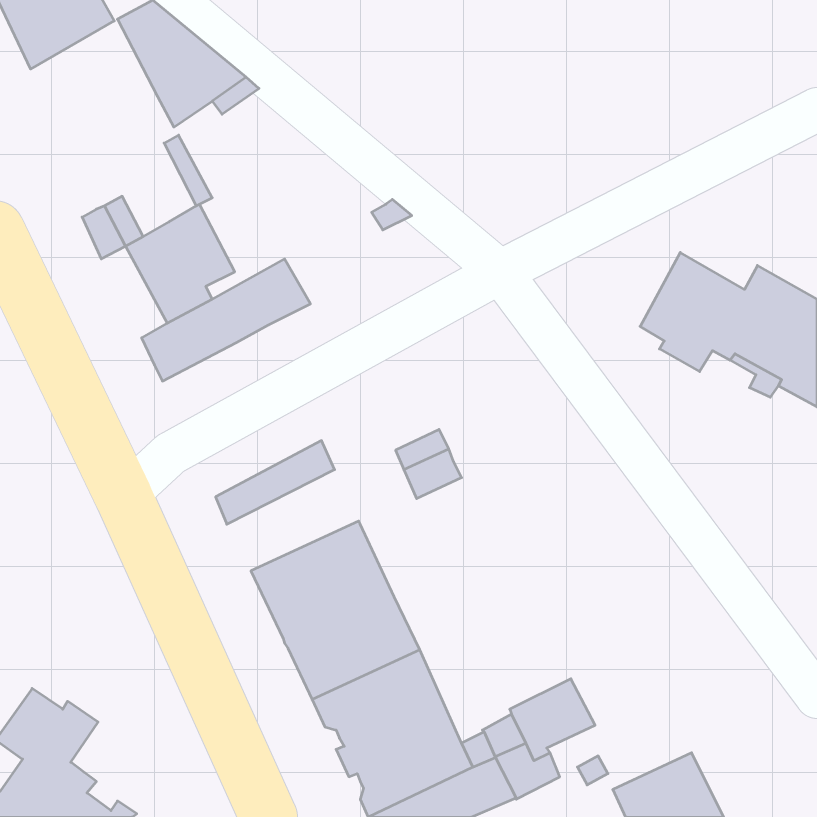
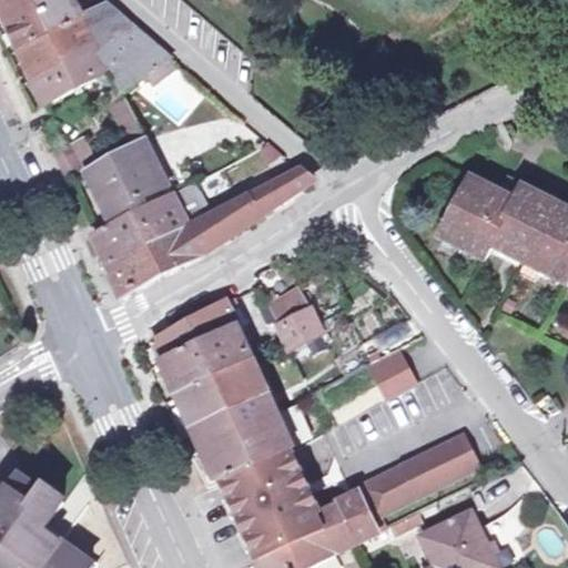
building: none -> [21,13,109,102]
building: none -> [112,164,312,292]
building: none -> [156,324,247,394]
building: none -> [366,355,413,403]
building: none -> [394,437,474,500]

